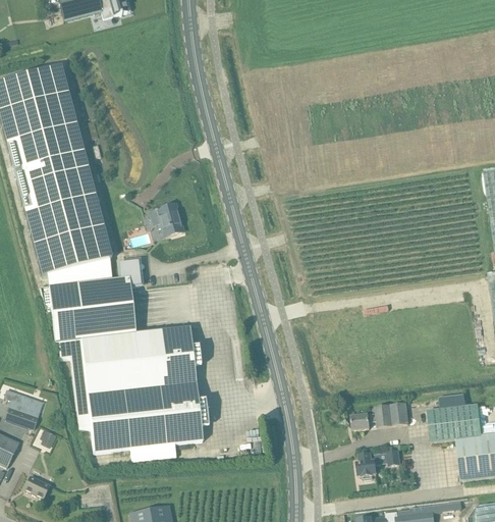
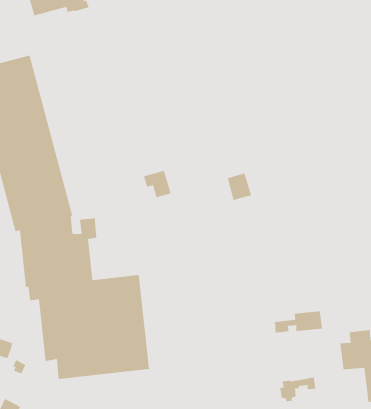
building: [151,203,184,236] -> [143,170,171,198]
building: none -> [227,173,252,201]
building: [352,402,410,428] -> [274,311,323,333]

